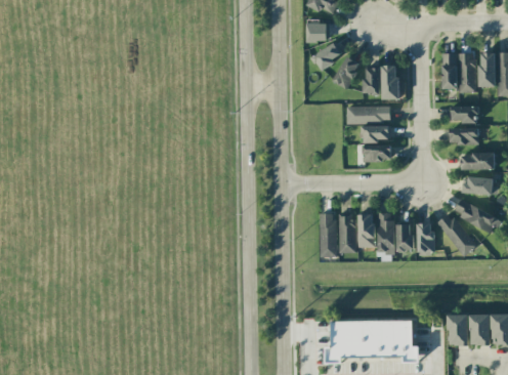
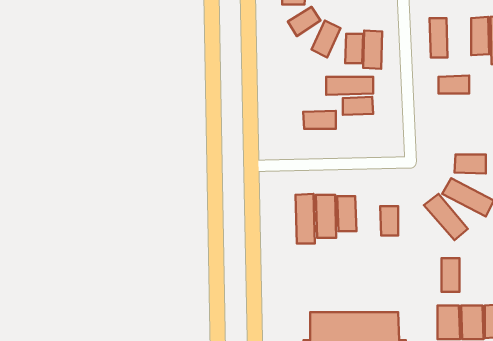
building: [459,53,475,92] -> none
building: [451,127,478,143] -> none
building: [363,144,392,161] -> [303,111,336,129]
building: [461,153,495,170] -> none
building: [377,212,394,253] -> none
building: [417,223,433,254] -> [441,258,459,292]

